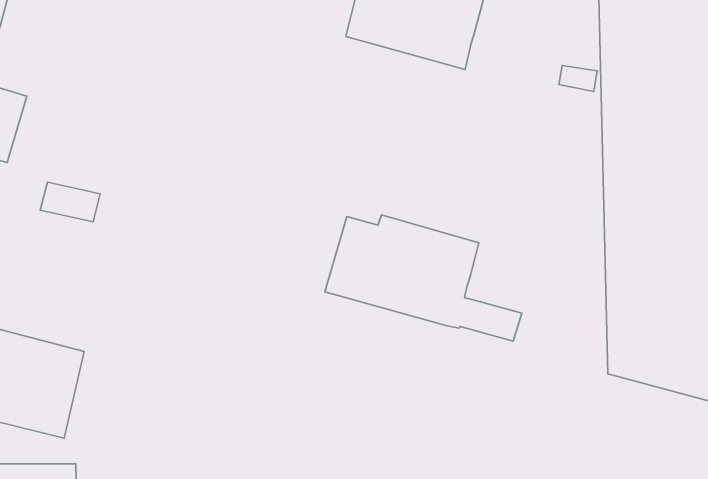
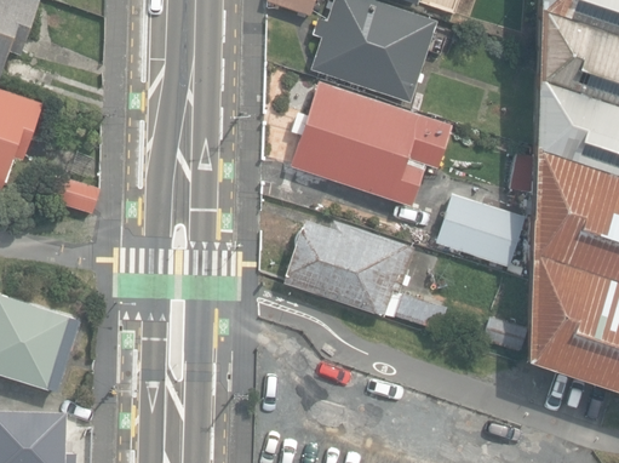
building: none -> [288,80,451,207]
building: none -> [425,189,515,263]

